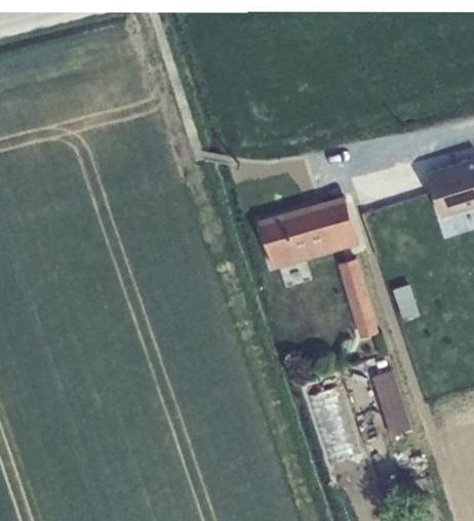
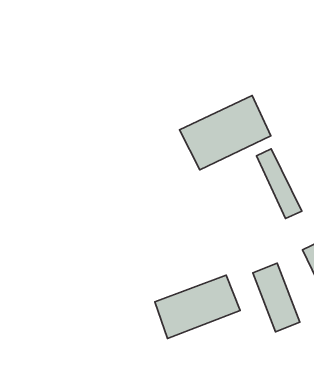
building: none -> [155,275,240,338]

